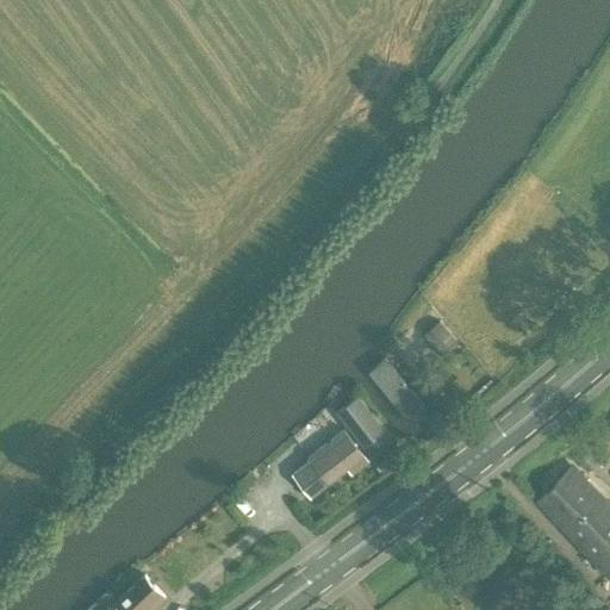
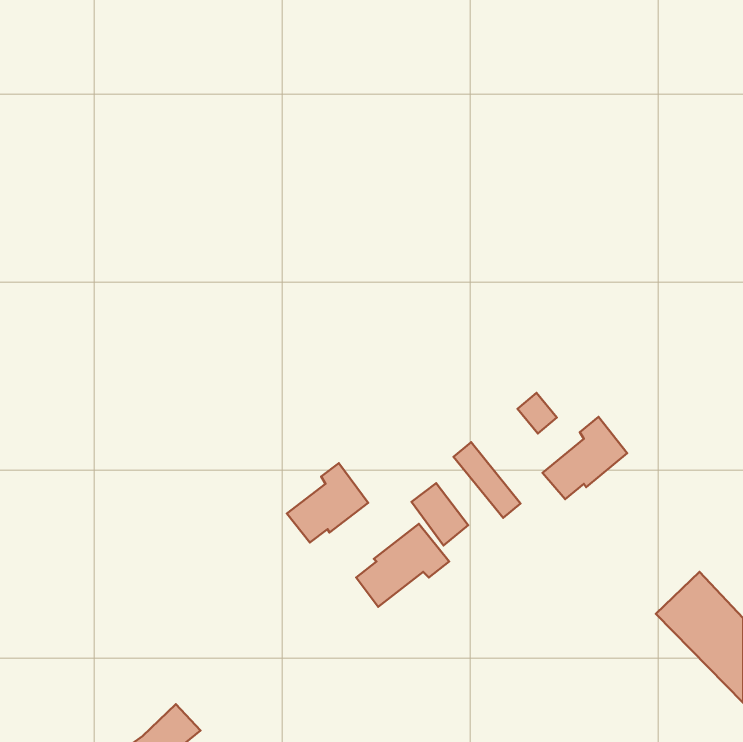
building: none -> [543,417,627,499]
building: none -> [287,463,368,542]

